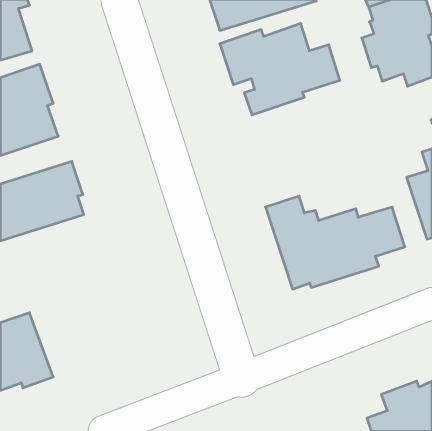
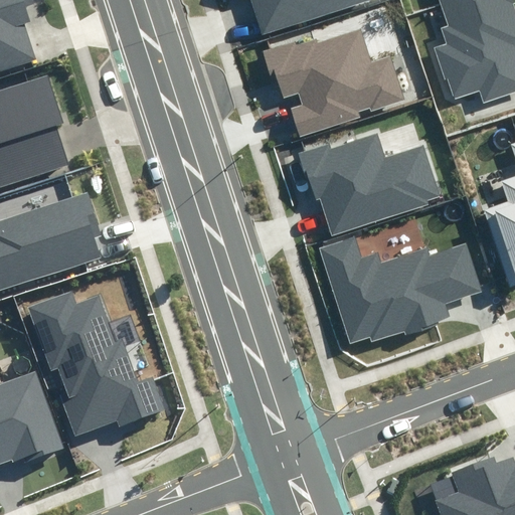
building: none -> [301,133,445,237]
building: none -> [26,287,162,437]

